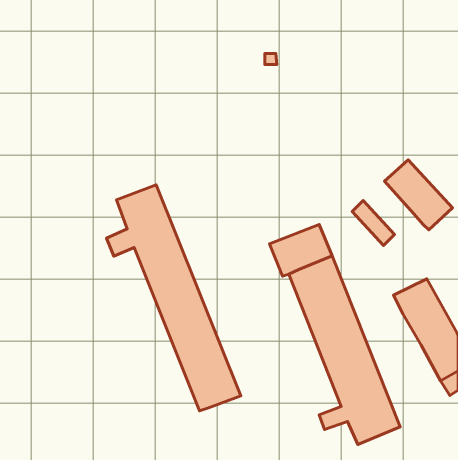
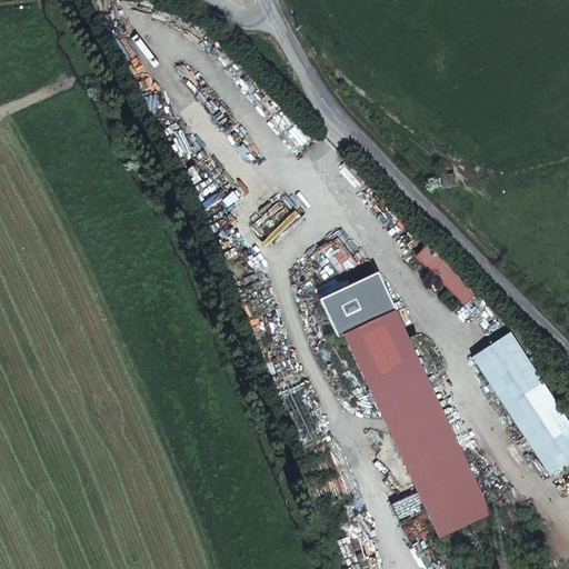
building: [384,160,453,230] -> none
building: [107,185,241,411] -> none

